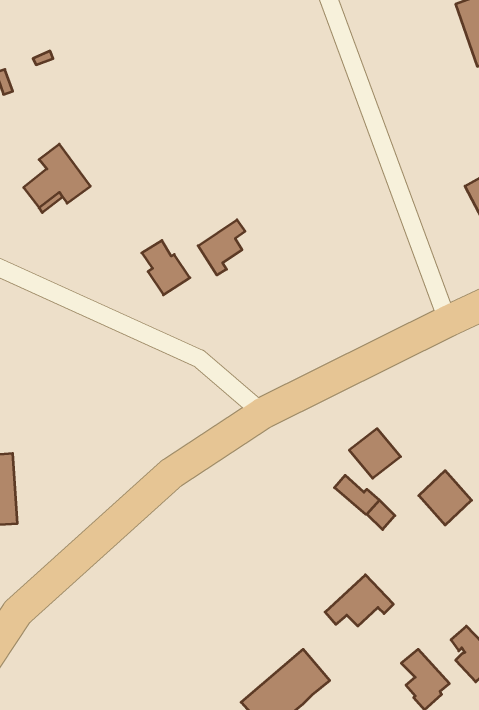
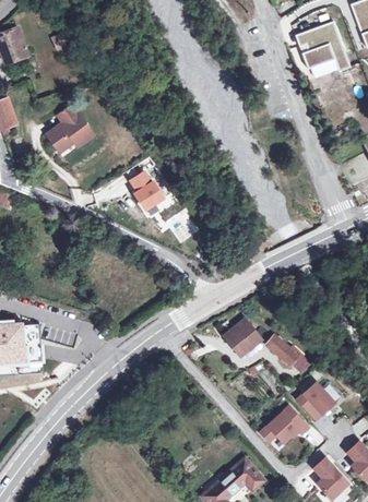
building: none -> [295,22,351,71]
building: [198,220,245,275] -> none
building: [349,429,401,478] -> [223,321,259,356]
building: [419,471,472,525] -> [296,381,333,419]

